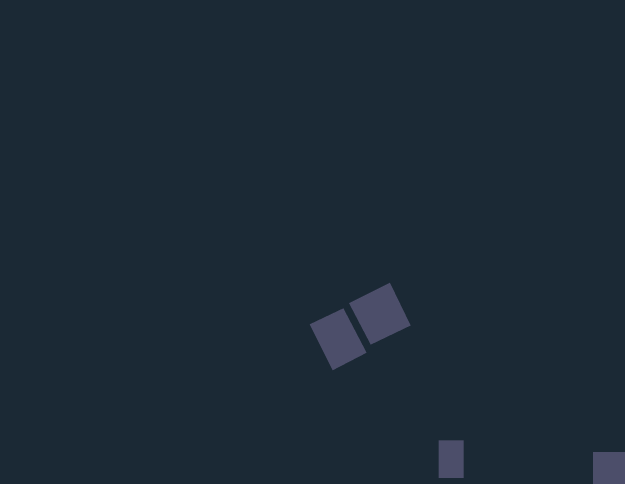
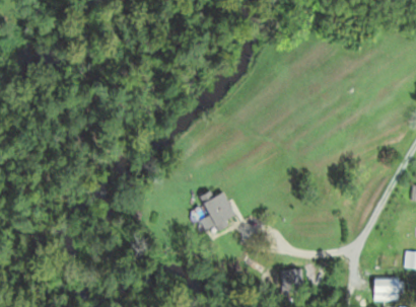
building: [348,282,412,345] -> none

